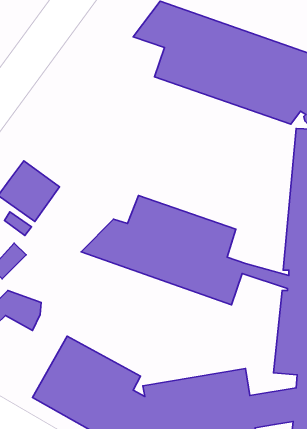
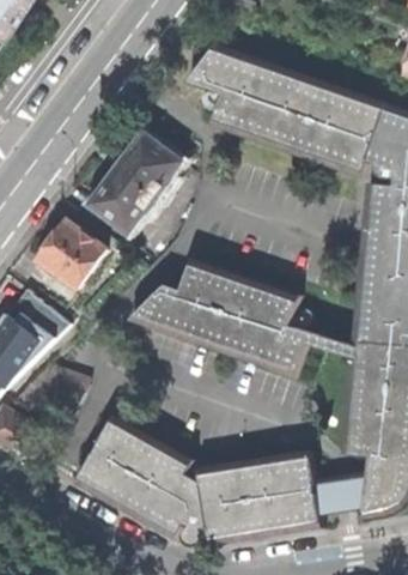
building: none -> [91,131,177,229]

